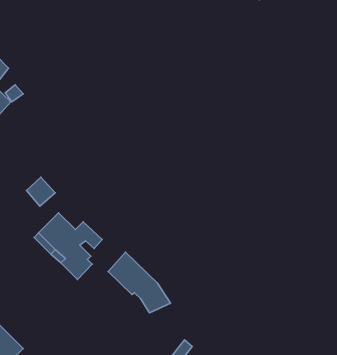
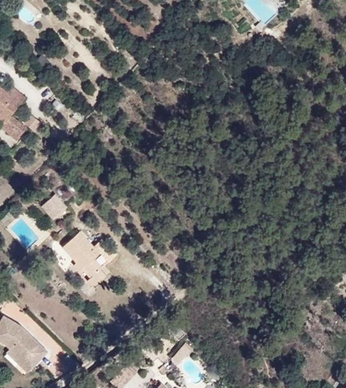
building: [108,252,171,313] -> none

